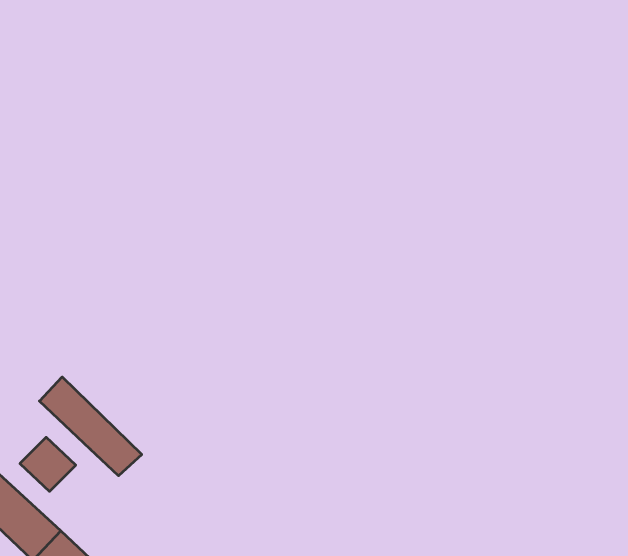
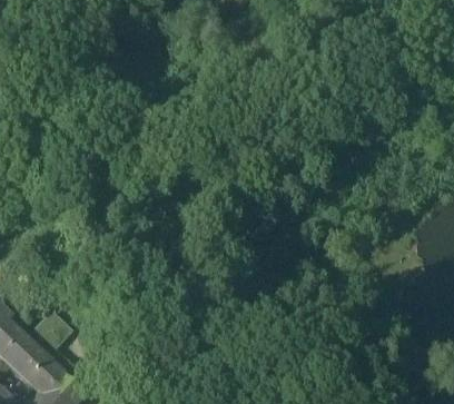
building: [39,377,142,476] -> none

